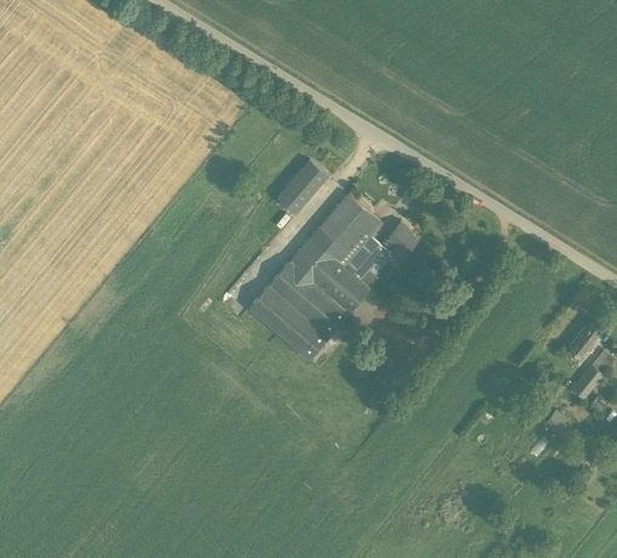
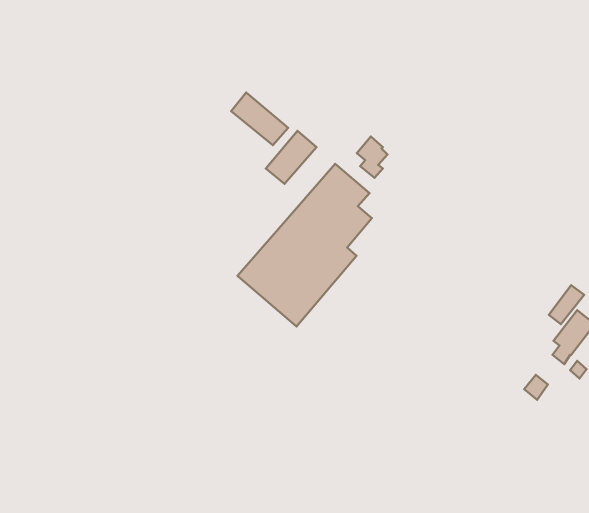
building: none -> [231,92,288,145]
building: [385,221,417,264] -> [357,137,387,178]

